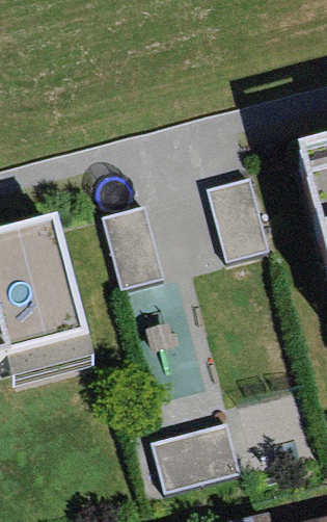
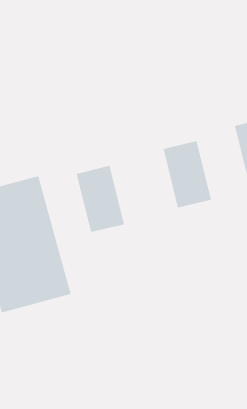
building: [154,422,239,489] -> none

